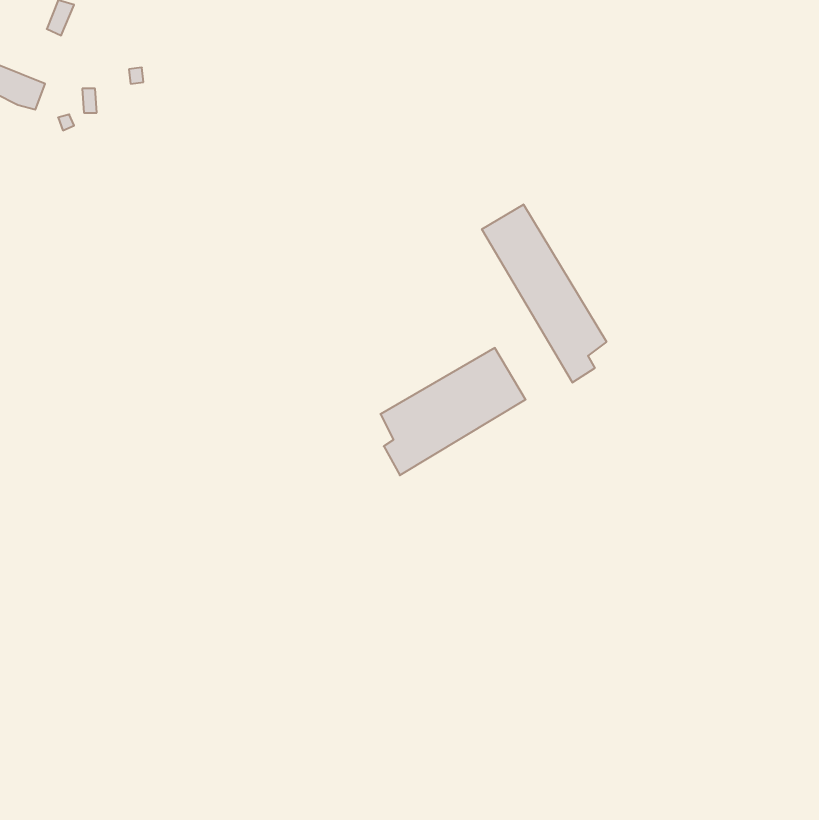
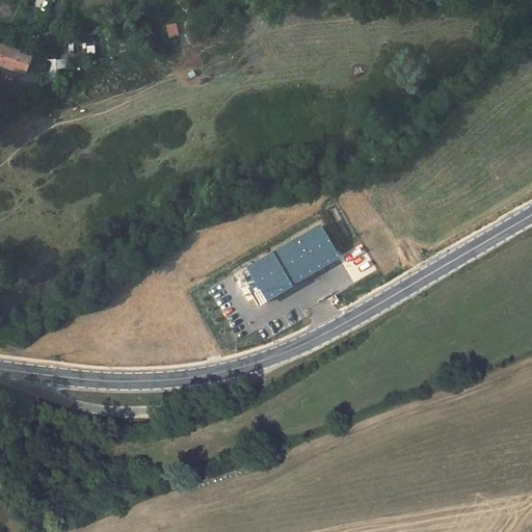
building: [482,204,606,383] -> none

